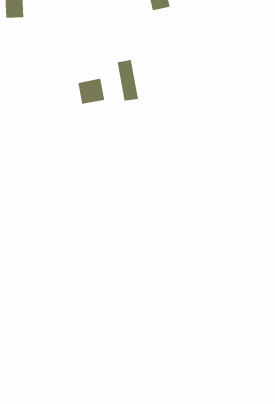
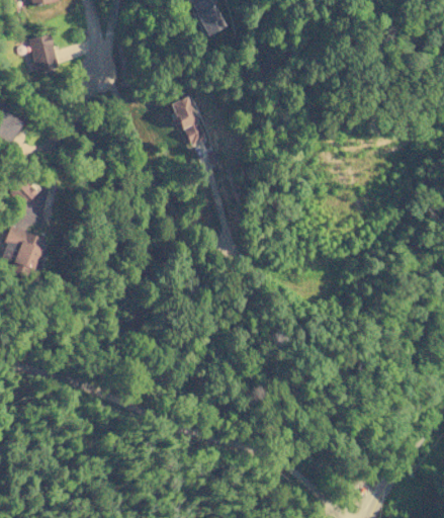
building: [78,78,105,104] -> none

